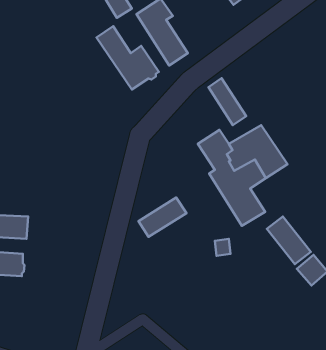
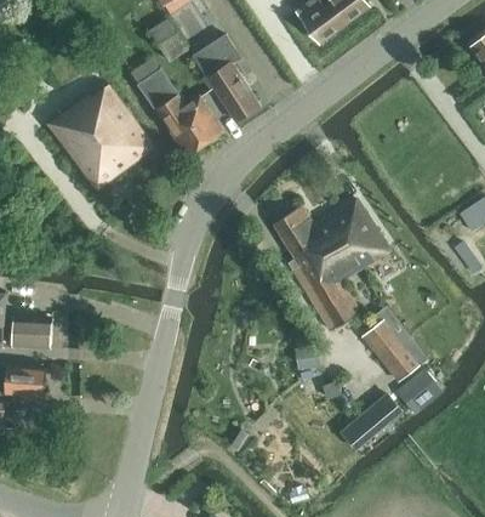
building: none -> [47,86,154,191]
building: [208,78,246,125] -> none
building: [139,198,186,237] -> none
building: none -> [341,394,401,449]

